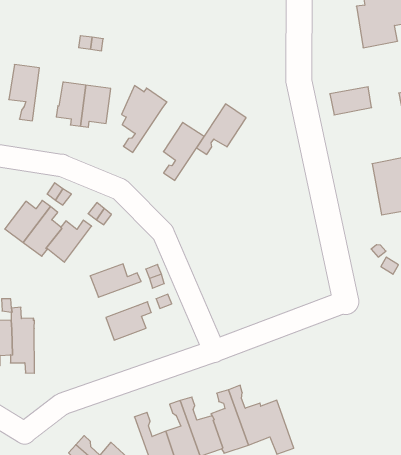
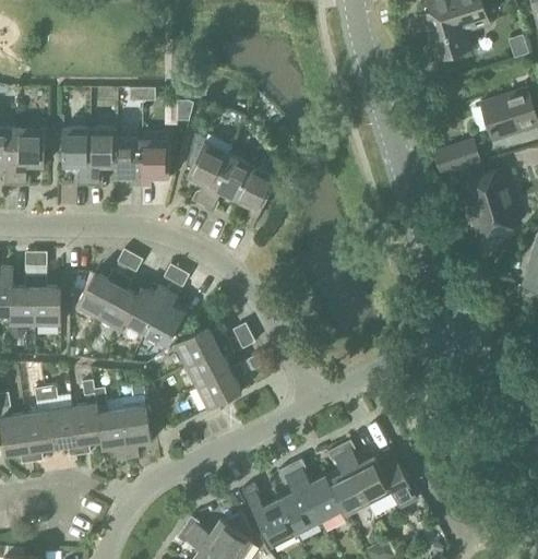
building: none -> [89,128,118,186]
building: [330,87,372,115] -> [432,140,479,175]
building: [196,104,246,154] -> [202,154,251,211]
building: none -> [144,290,184,345]
building: none -> [186,343,234,386]
building: none -> [120,382,152,456]

